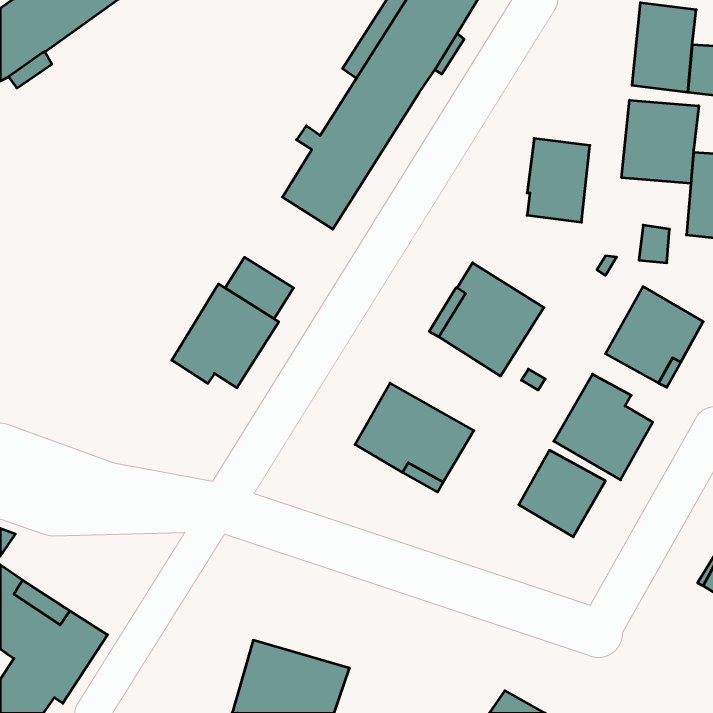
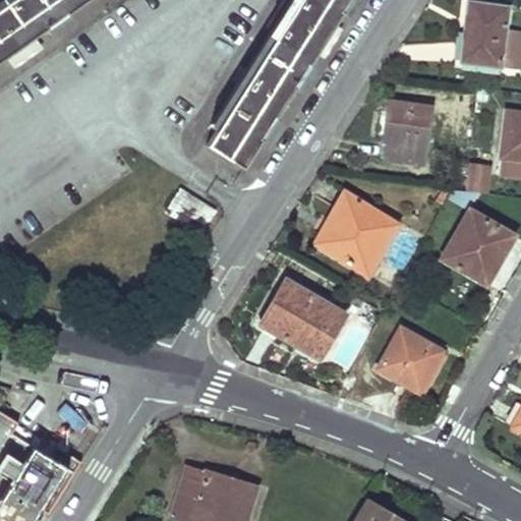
building: [622,100,699,183] -> none
building: [172,284,279,388] -> none
building: [554,374,653,480] -> none

